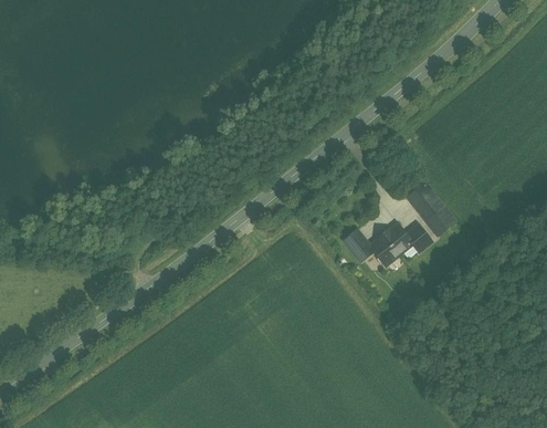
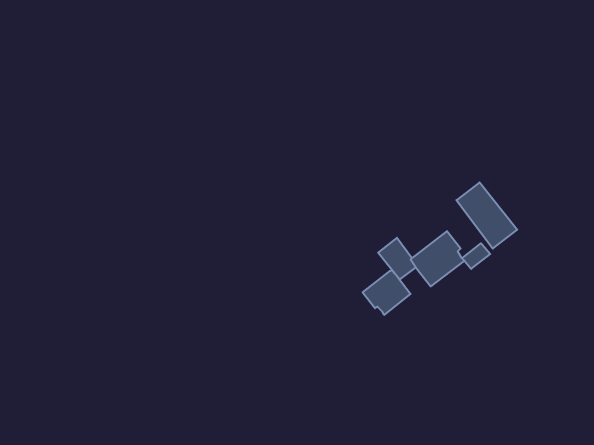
building: none -> [363,270,411,315]

